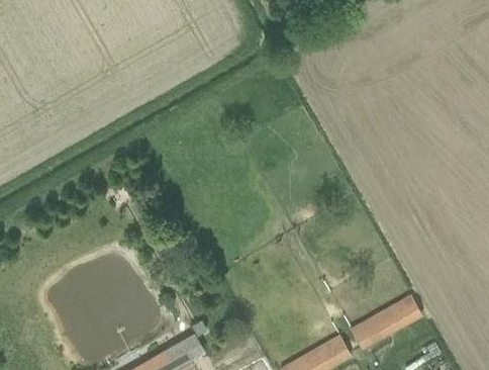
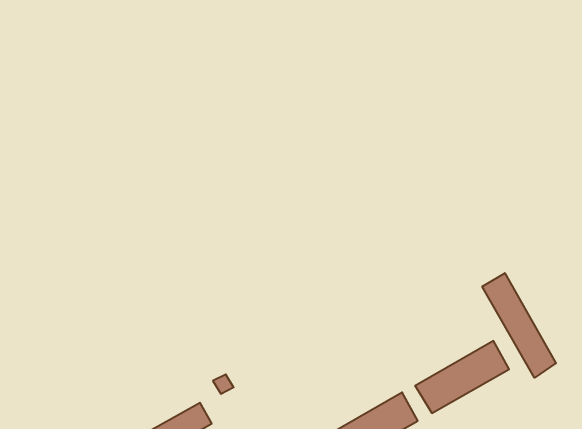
building: none -> [482,273,556,378]

